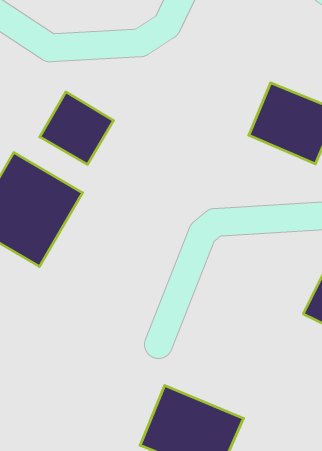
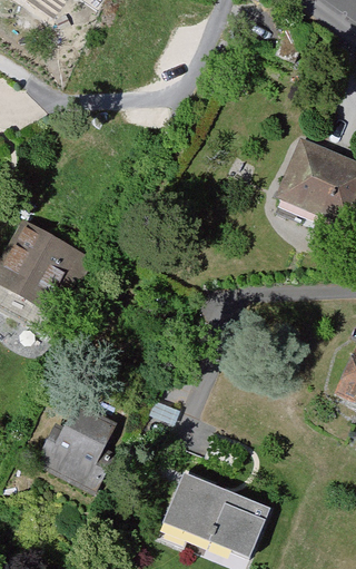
building: [40,92,114,164] -> none
building: none -> [34,400,126,490]

